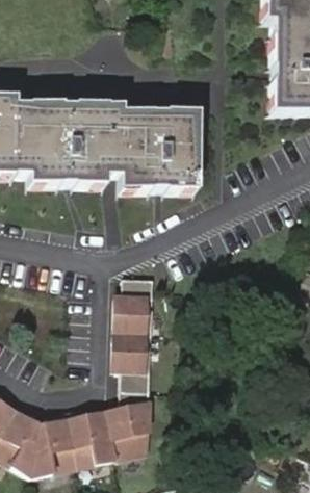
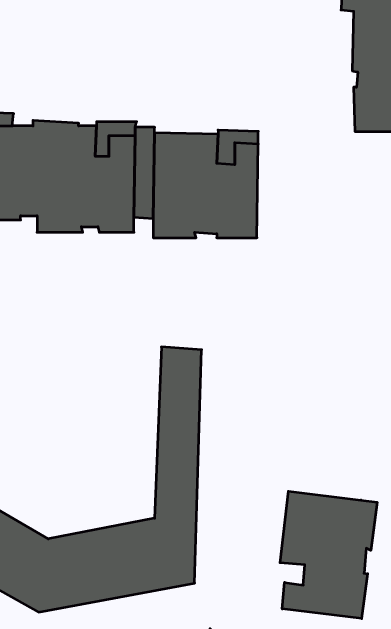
building: none -> [280,491,377,619]

